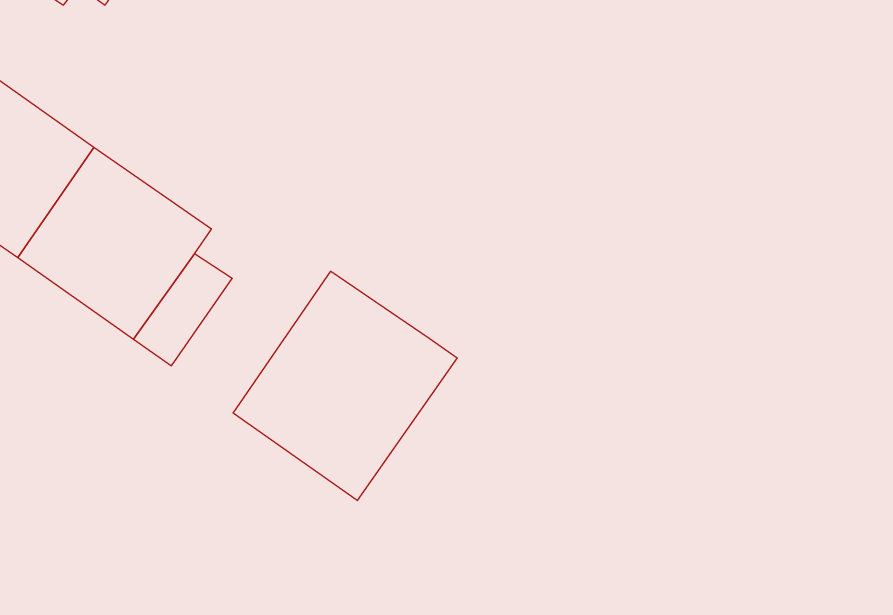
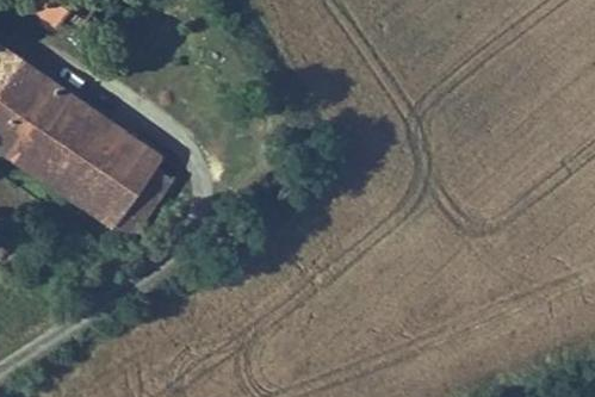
building: [233,271,457,501] -> none

